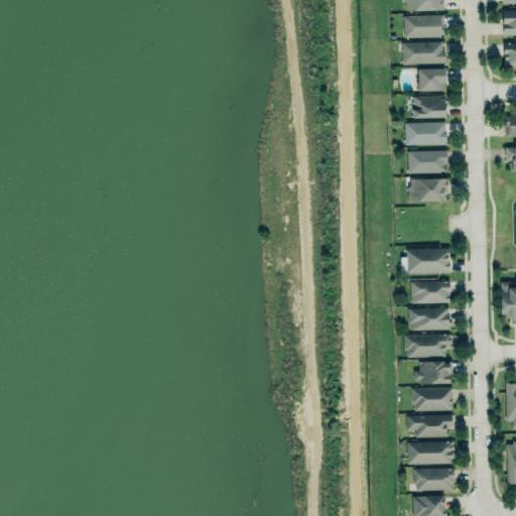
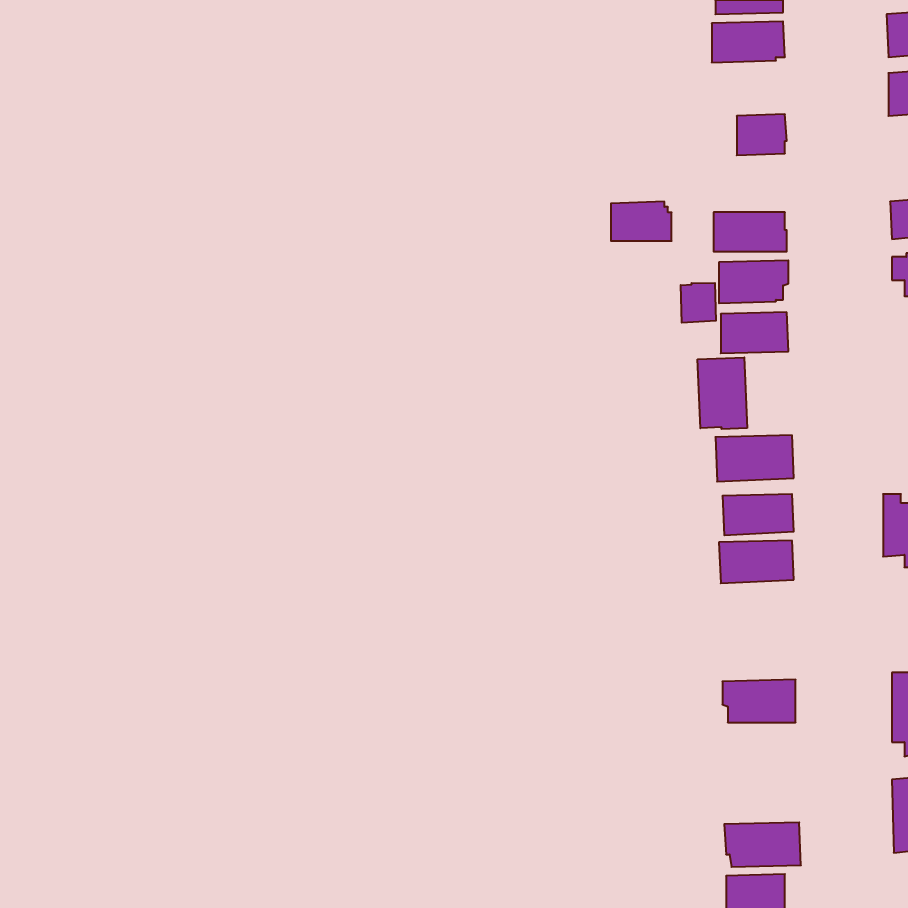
building: [403,41,445,64] -> none
building: [412,95,446,117] -> [611,202,672,241]
building: none -> [681,283,716,323]
building: none -> [698,357,747,429]
building: [404,334,452,357] -> none
building: [414,361,452,384] -> none
building: [405,413,454,438] -> none
building: [407,442,454,465] -> none

